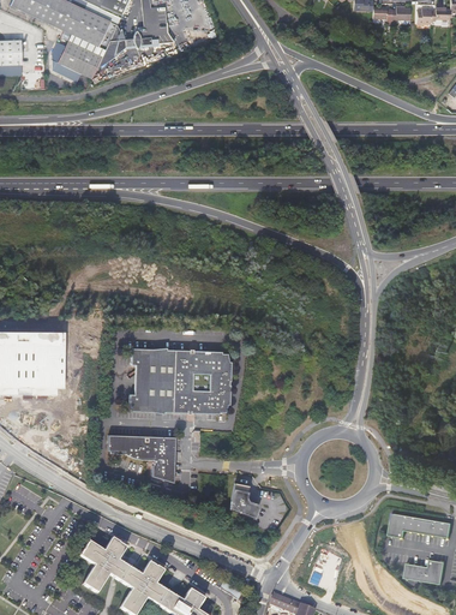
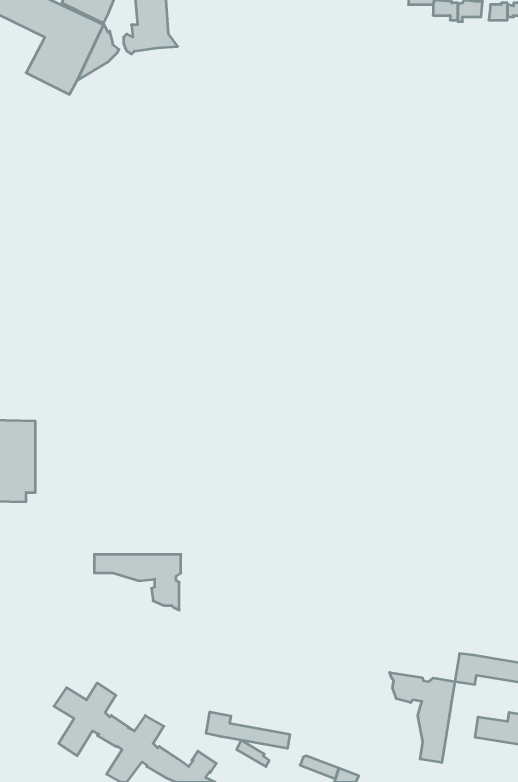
building: [131,348,234,414] -> none
building: [229,483,258,518] -> none
building: none -> [390,672,455,763]
building: none -> [206,712,290,748]

